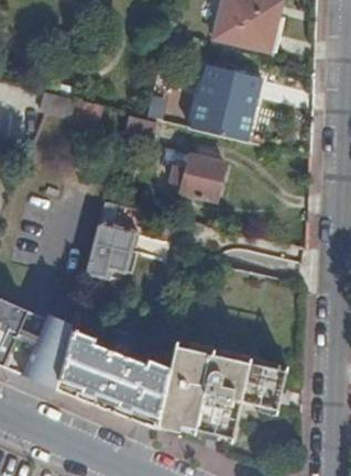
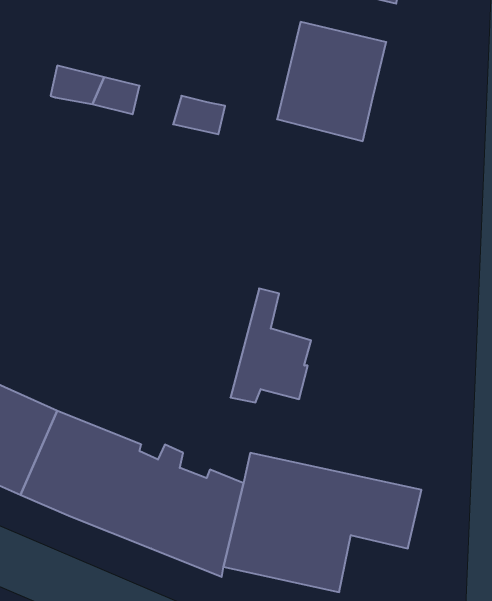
building: [171,153,224,199] -> none
building: [86,198,139,273] -> [230,288,311,402]

